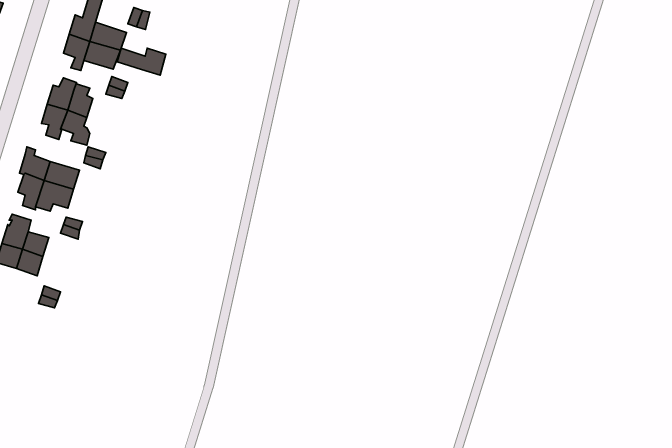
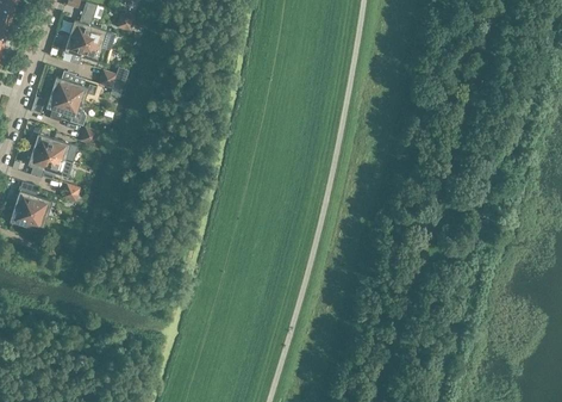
building: [117,48,166,75] -> none

